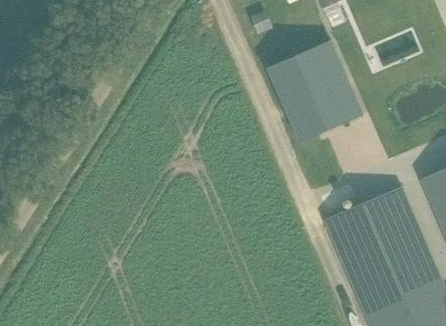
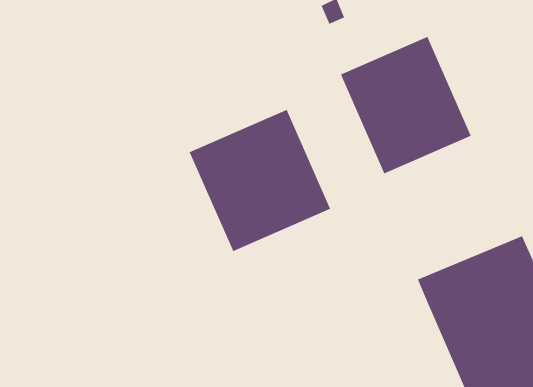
building: none -> [189,109,331,252]

